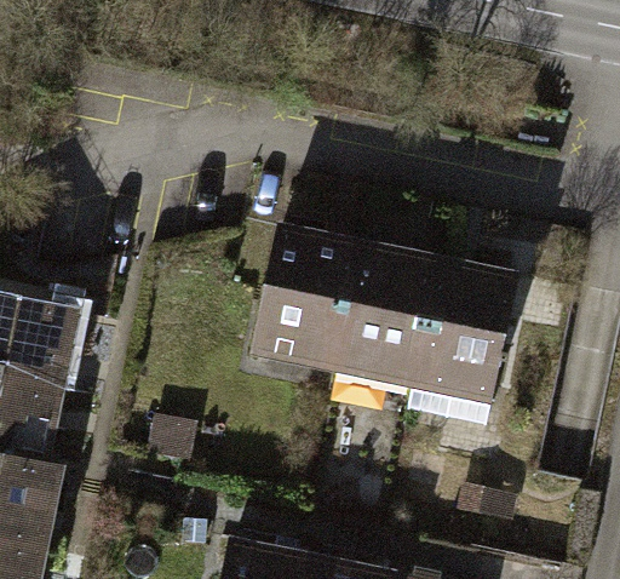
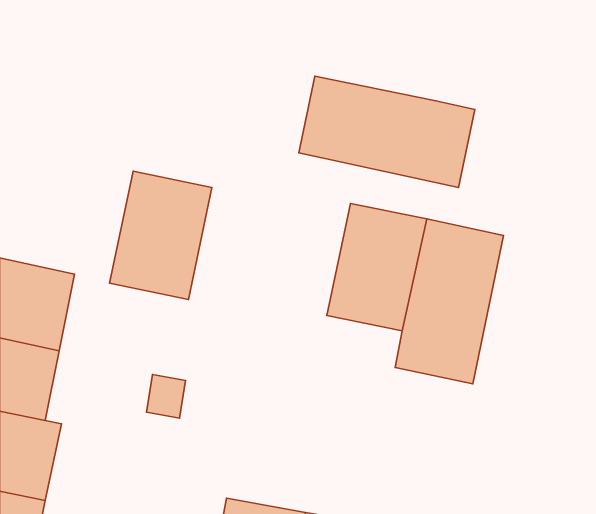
building: none -> [299,76,475,187]
building: [256,223,361,355] -> [109,171,212,300]

